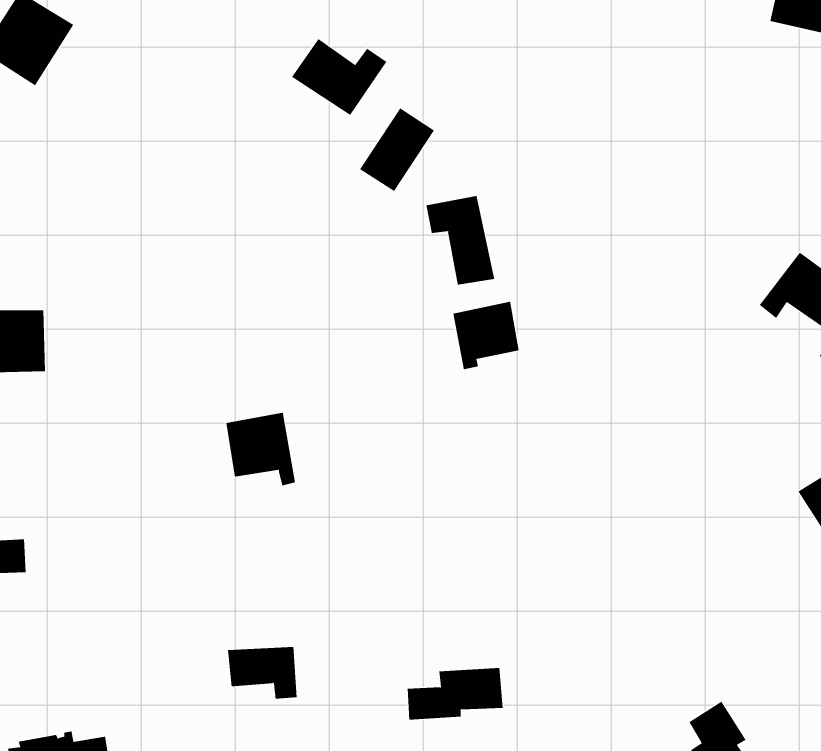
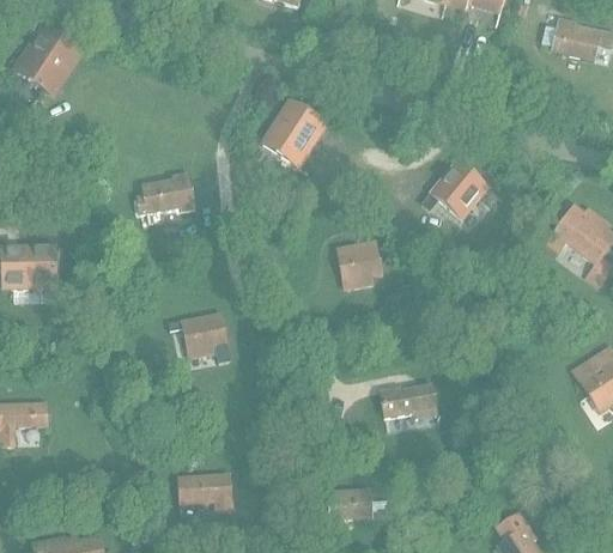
building: [291,38,387,116] -> none
building: none -> [430,162,486,218]
building: [426,195,495,285] -> none
building: none -> [135,174,194,215]
building: none -> [378,384,437,418]

